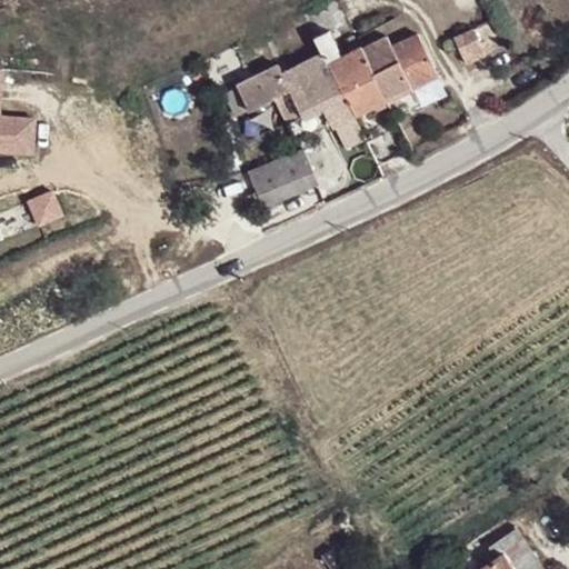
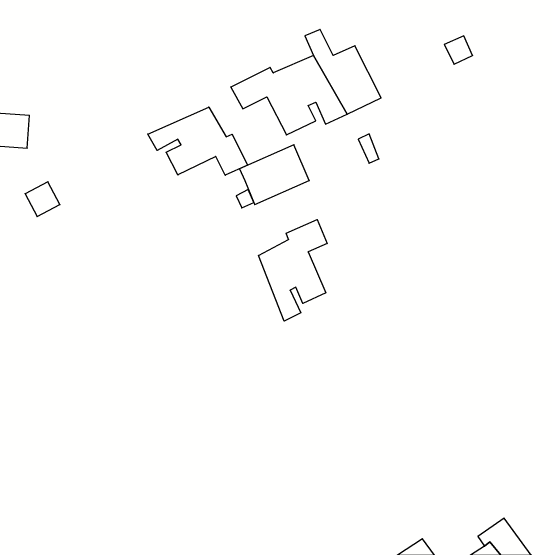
building: [362,34,438,100] -> none
building: none -> [148,107,247,175]
building: none -> [259,220,327,321]

